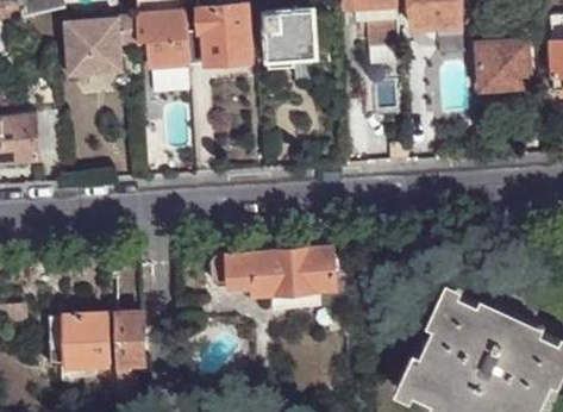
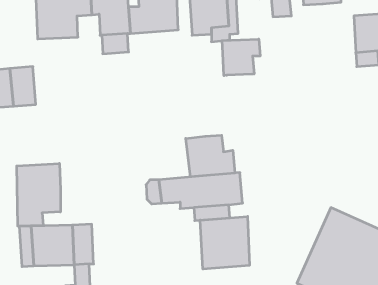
building: none -> [222,39,260,76]
building: none -> [186,135,235,177]
building: none -> [17,163,61,226]
building: none -> [200,216,249,269]

